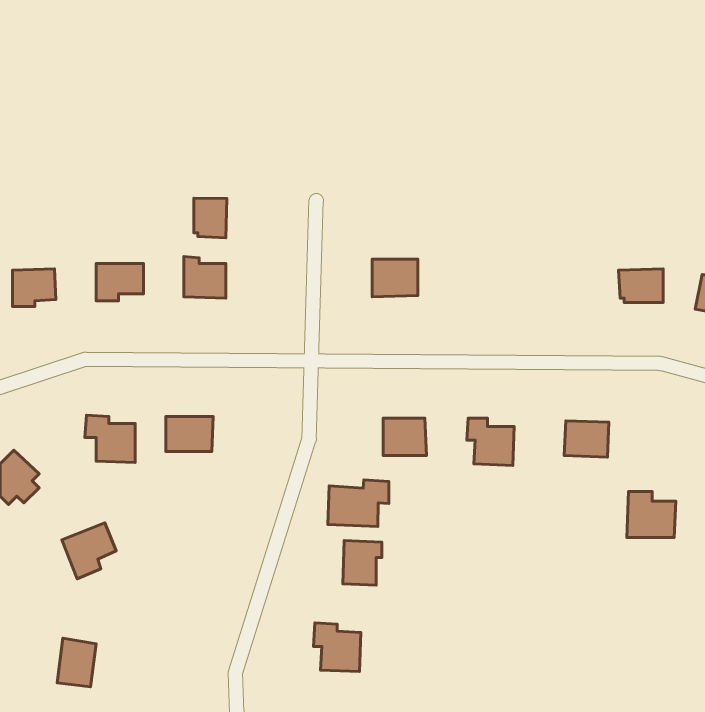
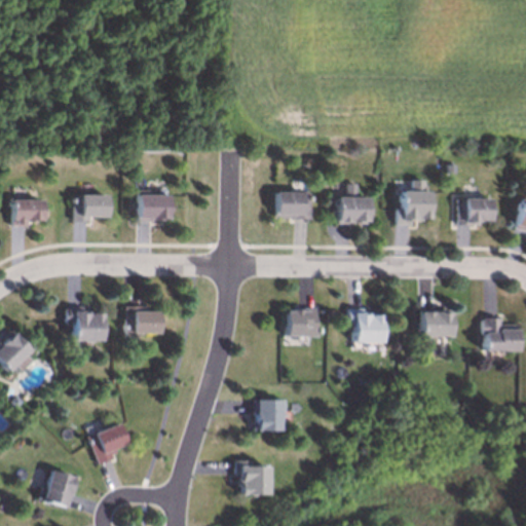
building: [194,198,227,238] -> none
building: none -> [399,180,434,225]
building: none -> [339,184,371,223]
building: [328,480,389,526] -> none
building: [627,491,676,537] -> [484,317,520,351]
building: [62,523,116,579] -> [89,423,129,464]

